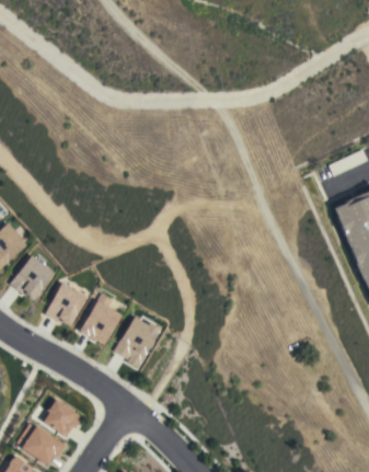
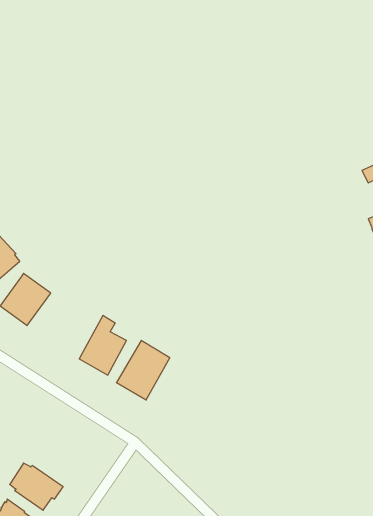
building: [45,283,87,326] -> none
building: [43,399,81,436] -> none

